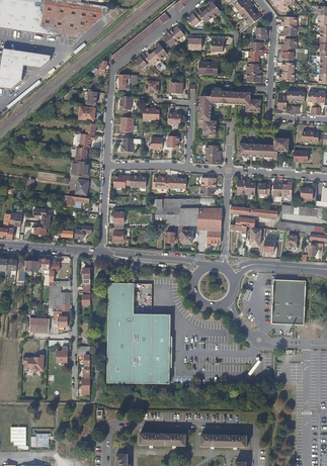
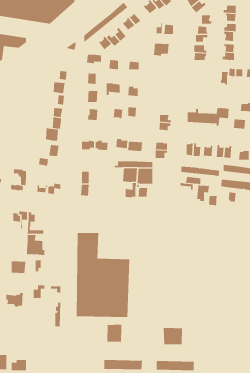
building: [195,88,260,134] -> none
building: [197,207,222,243] -> none
building: [271,279,306,323] -> none
building: none -> [107,324,122,342]
building: none -> [163,327,183,345]

